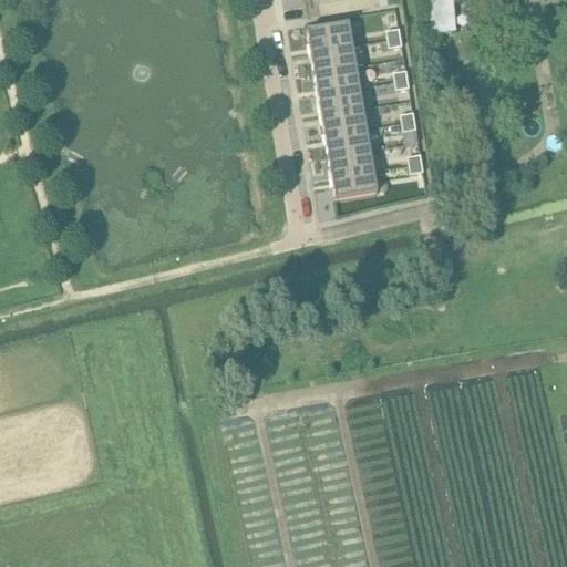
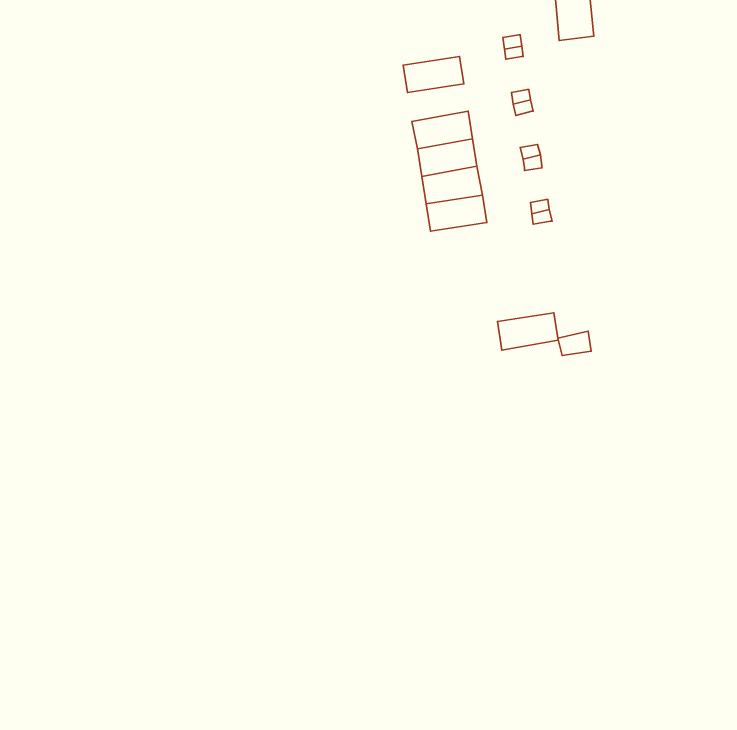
building: [307,21,353,50] -> none
building: [313,64,360,93] -> none
building: [331,171,378,199] -> [497,313,558,350]

